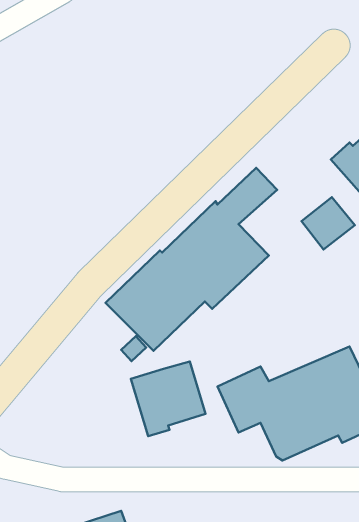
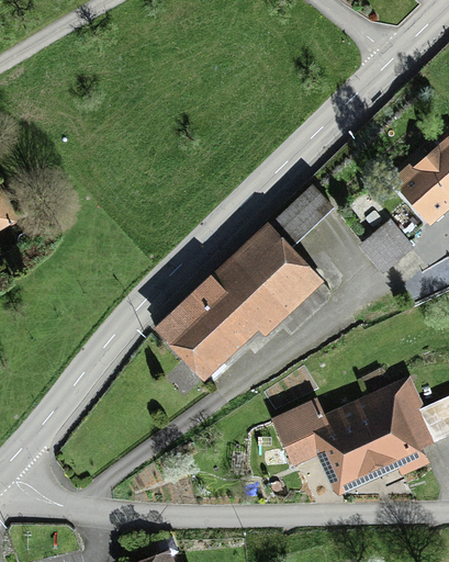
building: [131,361,205,436] -> none

